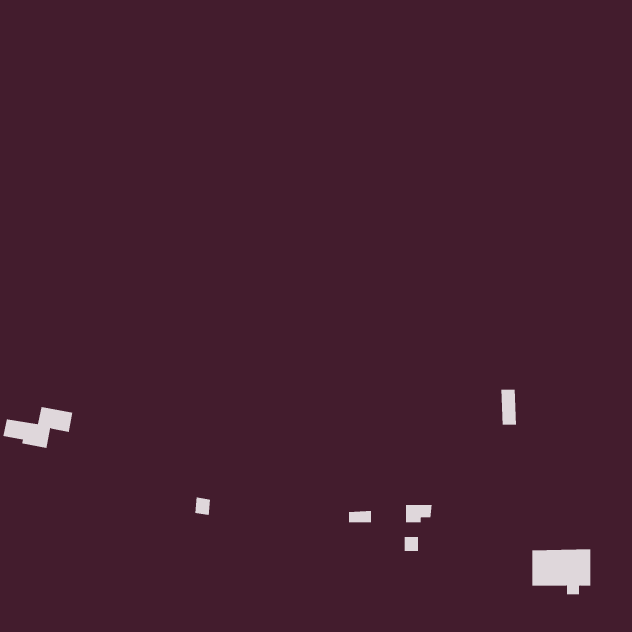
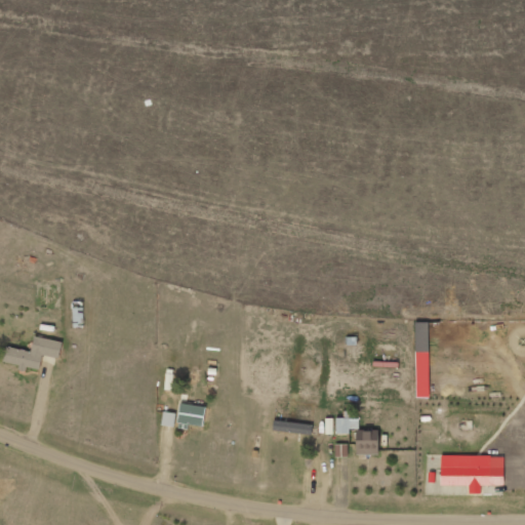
building: none -> [176,403,204,429]
building: none -> [355,430,377,454]

